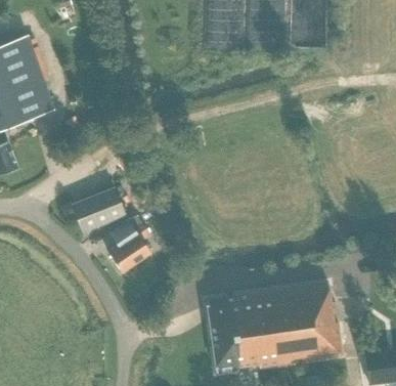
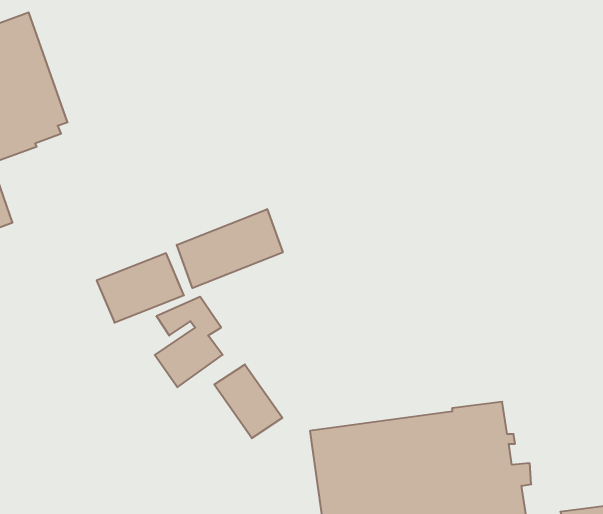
building: none -> [177,209,283,288]
building: none -> [214,364,282,438]

